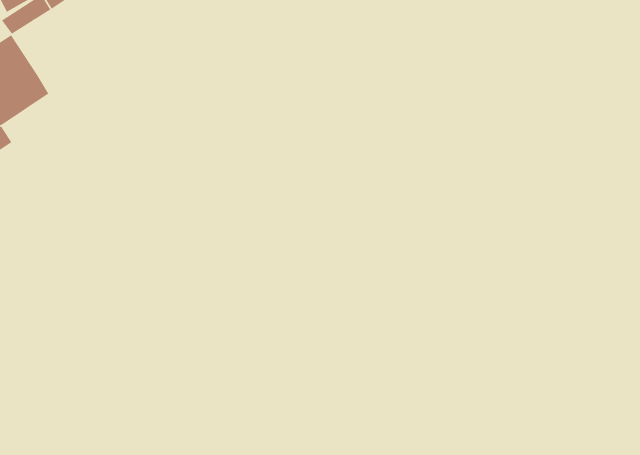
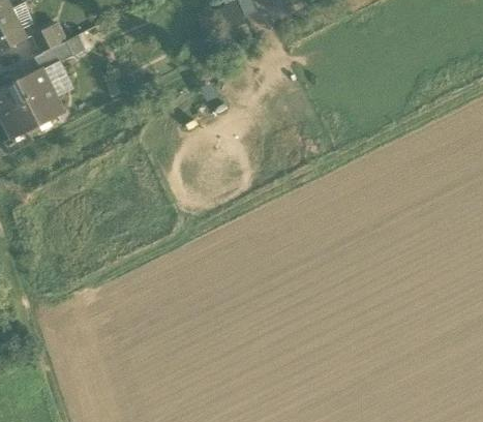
building: none -> [38,59,70,97]

